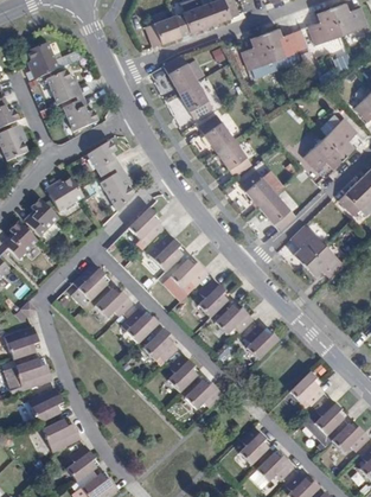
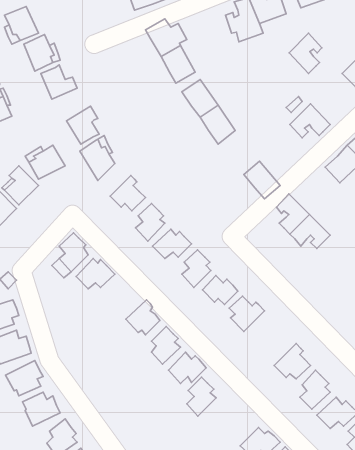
building: [324,117,356,157] -> [289,33,322,73]
building: [238,170,274,205] -> none
building: [124,307,158,342] -> none
building: [239,426,268,464] -> [187,377,216,416]

